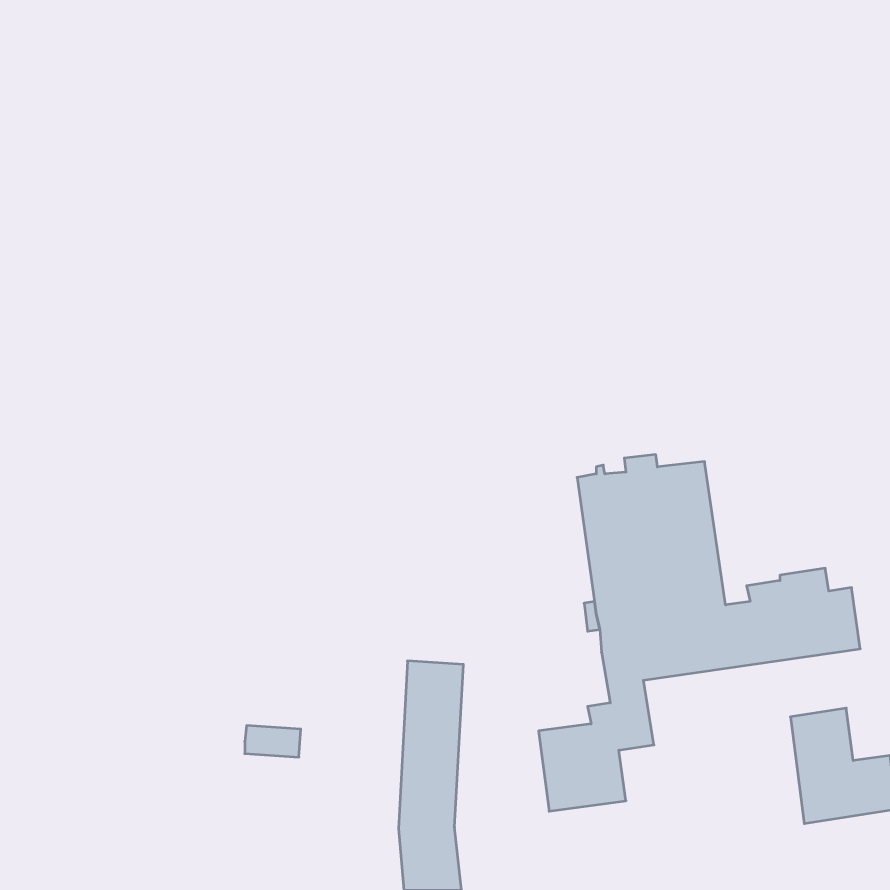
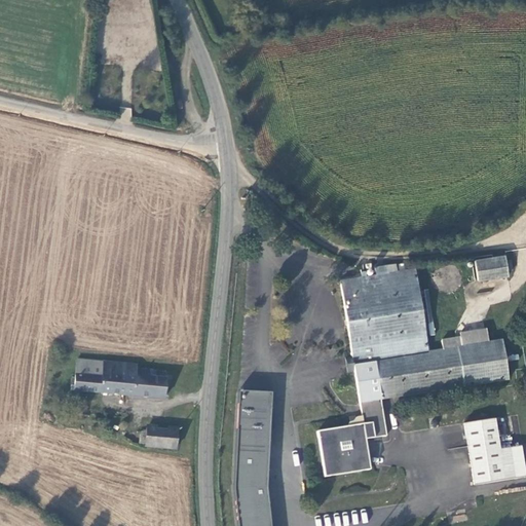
building: none -> [477,256,509,278]
building: none -> [76,358,168,396]

